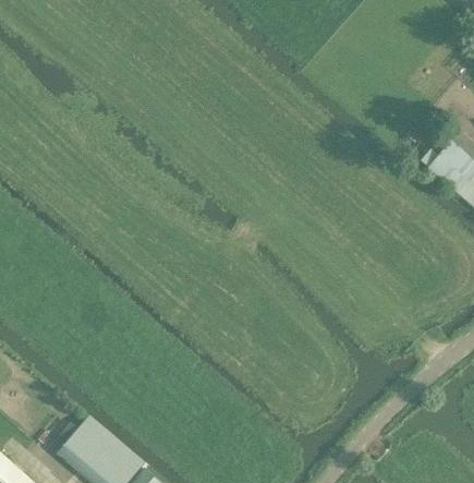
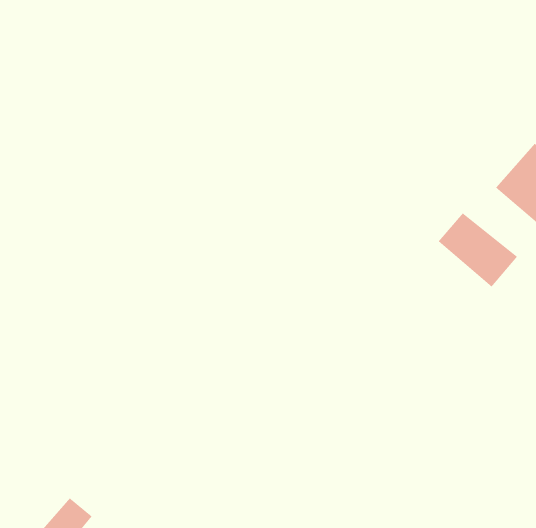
building: none -> [438,213,518,288]

